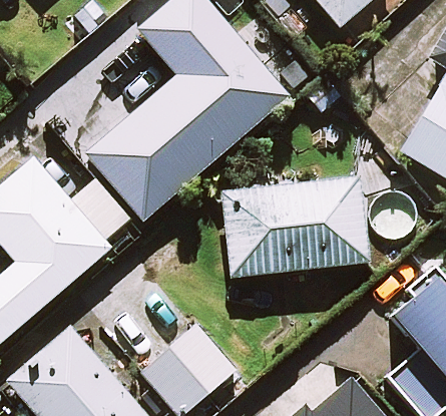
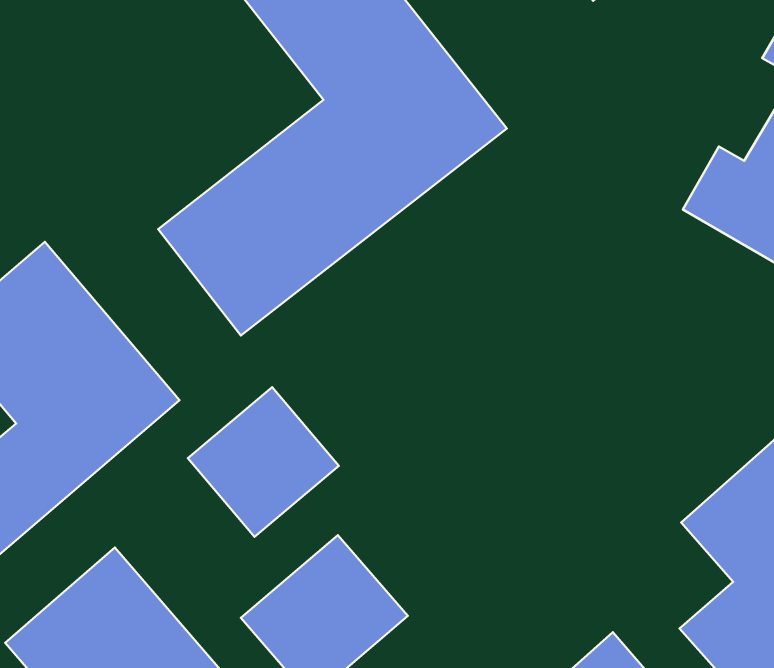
building: [220,173,369,278] -> none
building: none -> [188,387,339,537]

